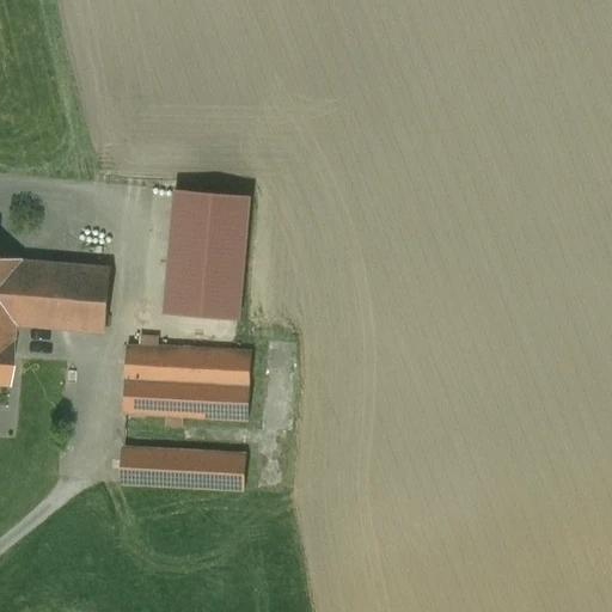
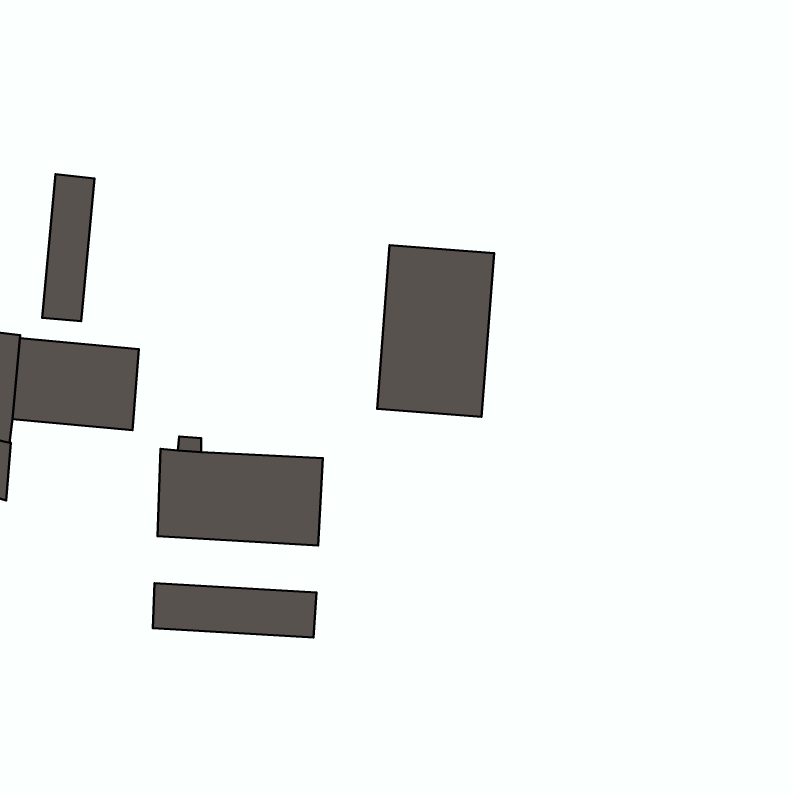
building: none -> [42,174,94,321]
building: [167,182,257,313] -> [377,245,494,417]

